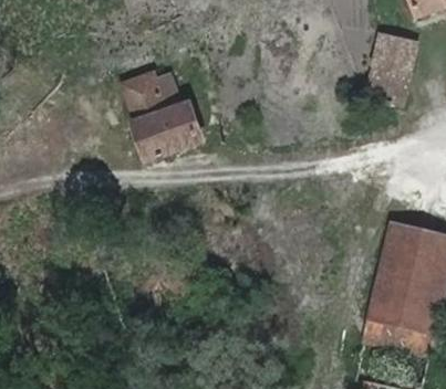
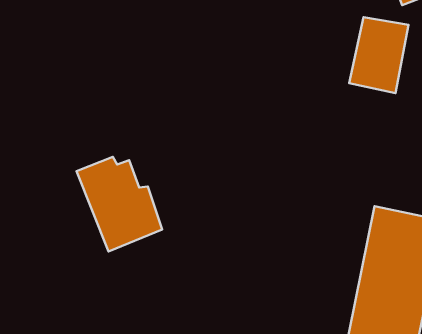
building: [118,69,205,164] -> [77,157,162,251]

